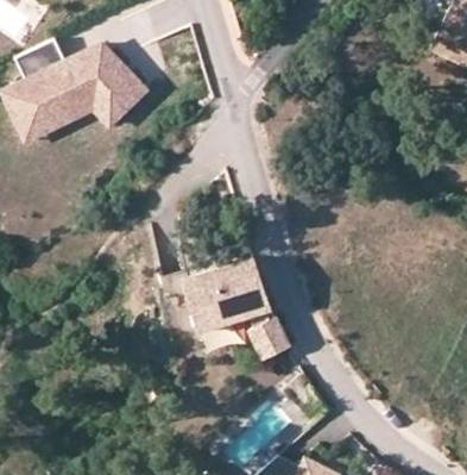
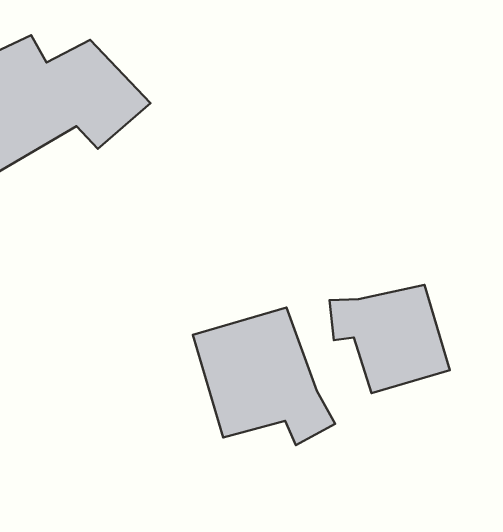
building: none -> [330,285,450,393]

